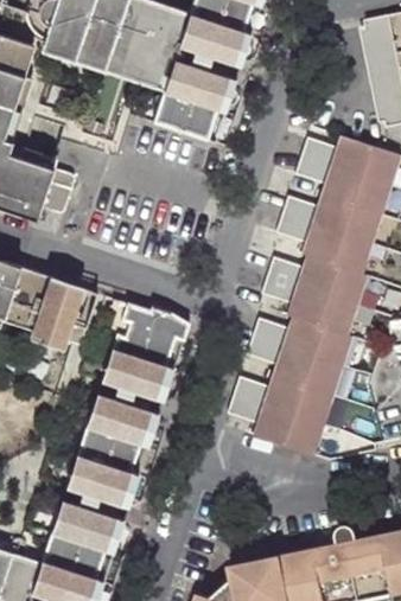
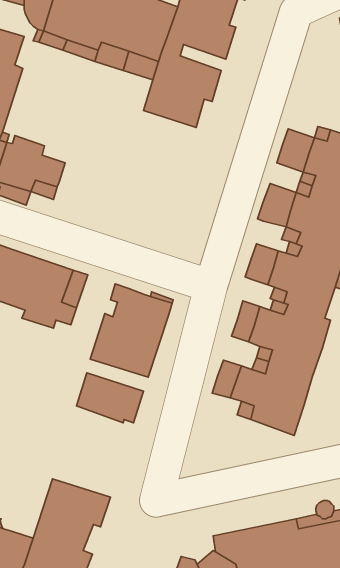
building: [65,428,136,510] -> none

